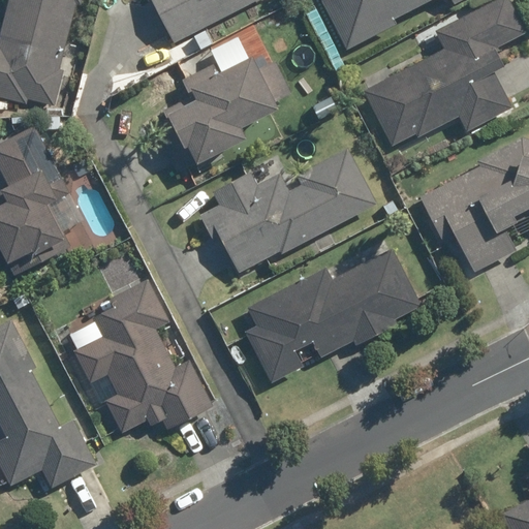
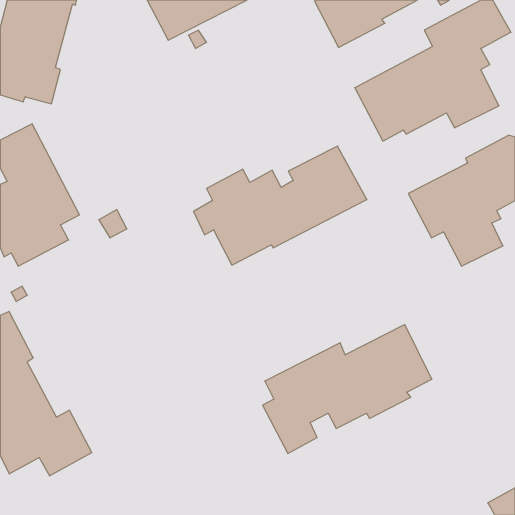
building: [156,58,289,172] -> none
building: [245,250,418,382] -> [263,325,432,454]
building: [73,280,212,433] -> none

